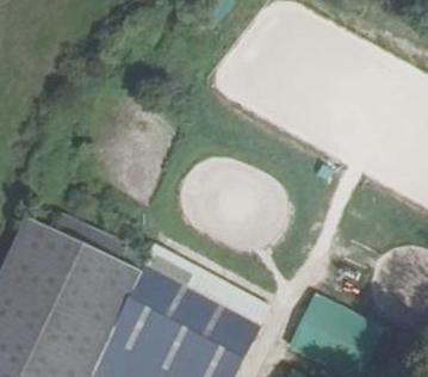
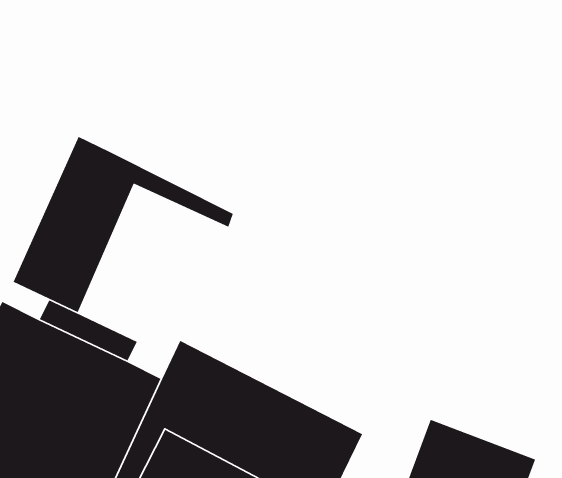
building: none -> [13,136,234,313]

